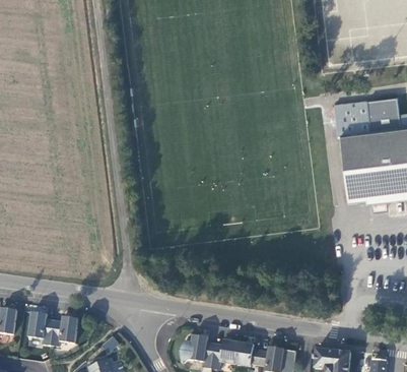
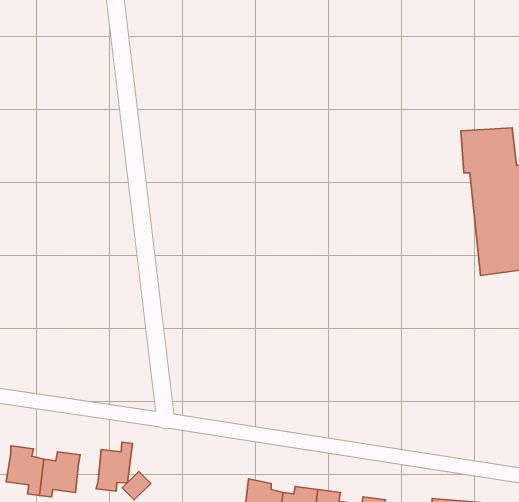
building: none -> [96,442,132,491]

